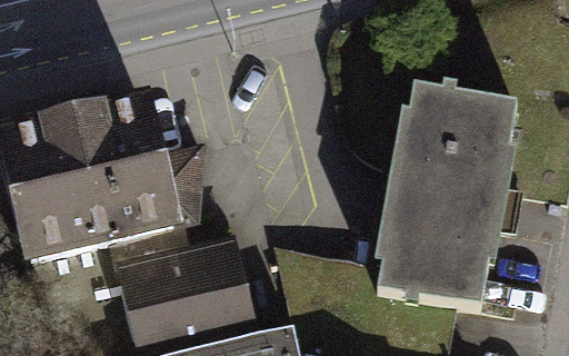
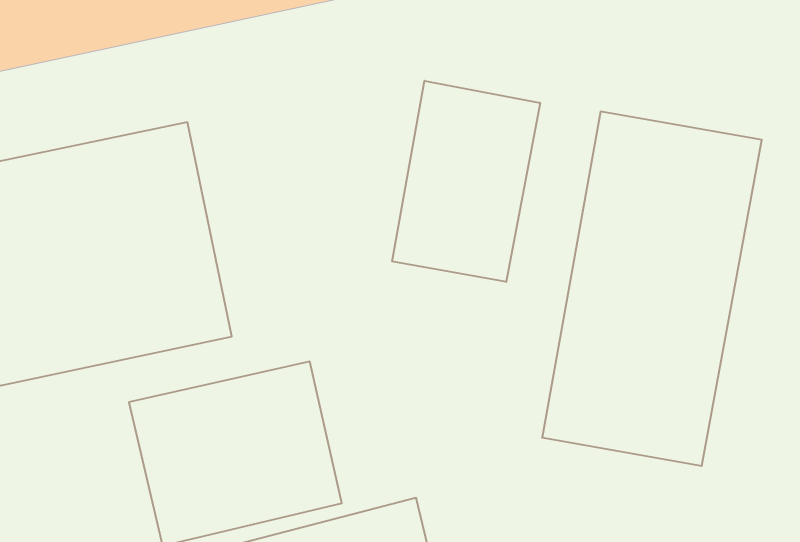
building: none -> [392,81,540,282]

